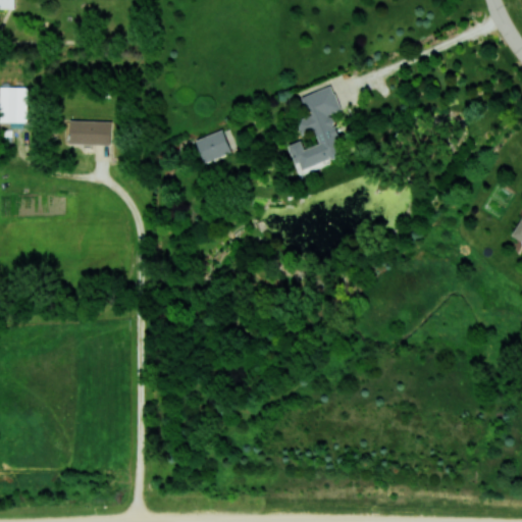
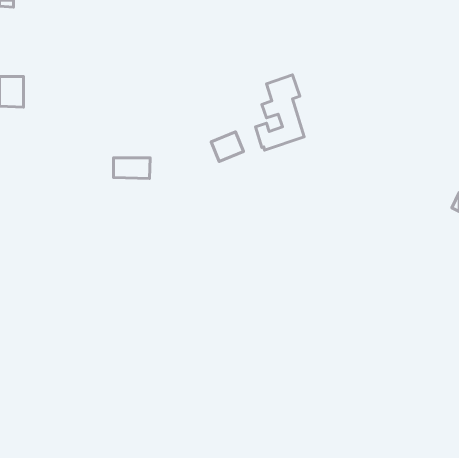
building: [69,122,111,146] -> [113,158,150,178]
building: [195,130,231,164] -> [211,132,244,162]

